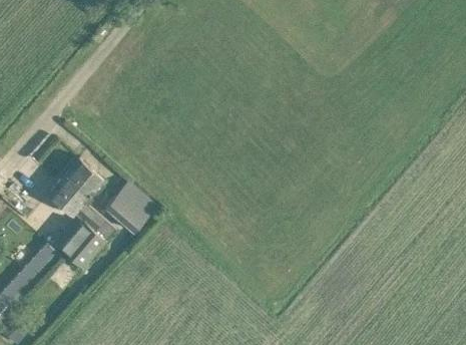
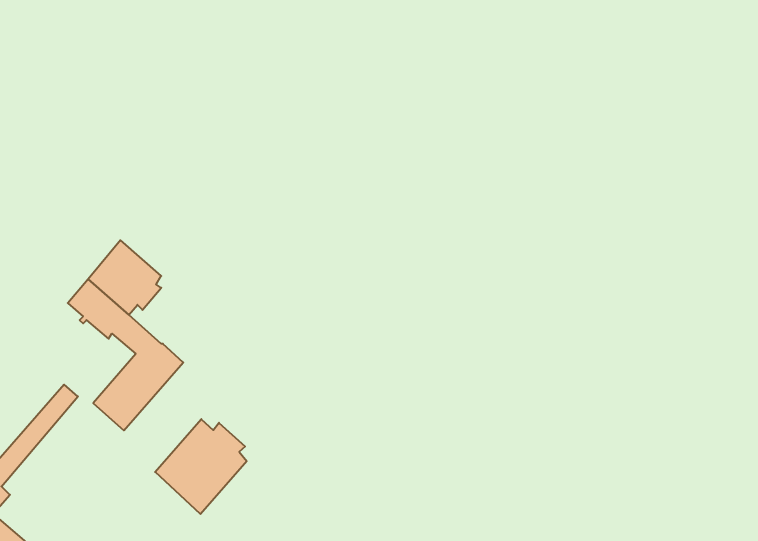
building: [103,186,148,231] -> none
building: none -> [155,419,247,514]

